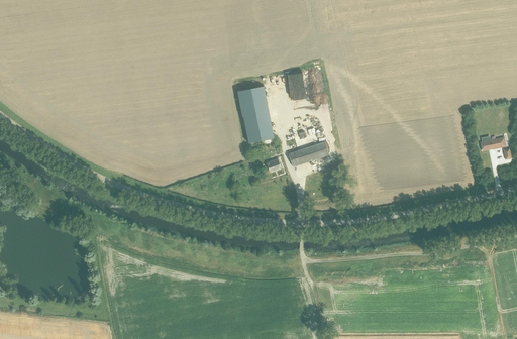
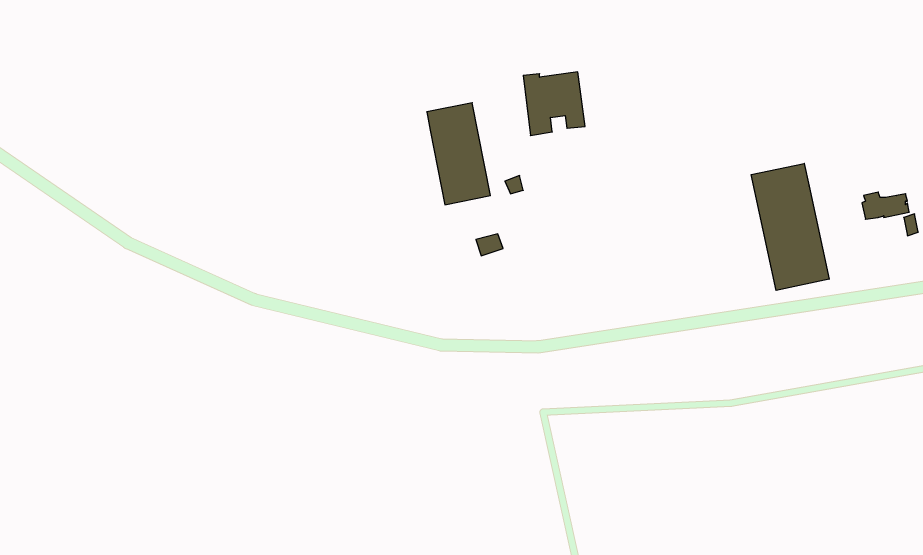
building: none -> [751,163,829,290]
building: [287,141,327,166] -> none

